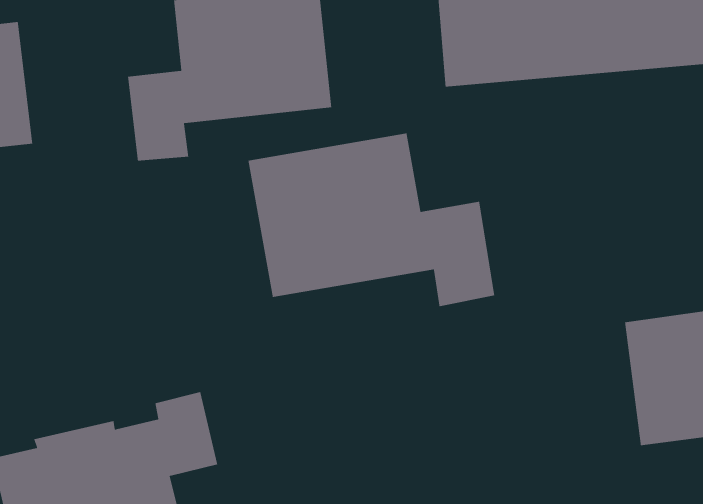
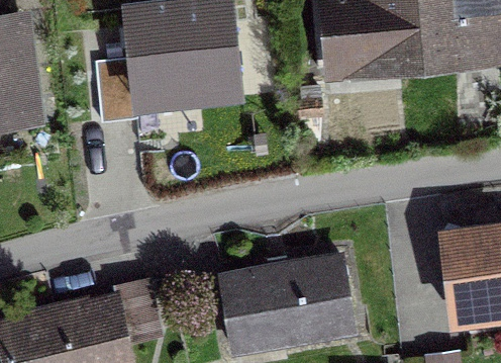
building: [248,133,495,307] -> none
building: none -> [223,259,353,350]

